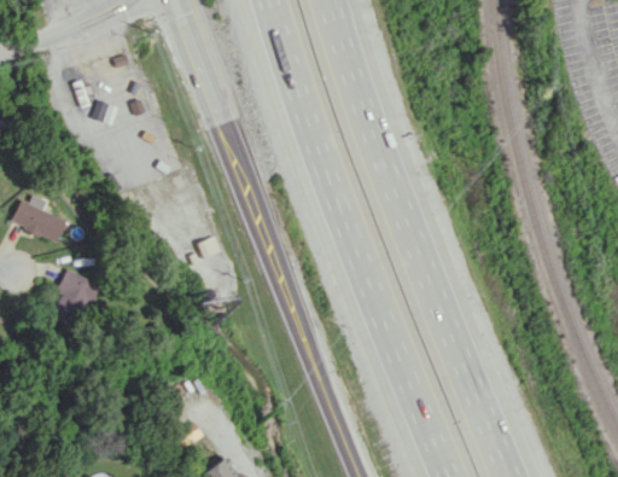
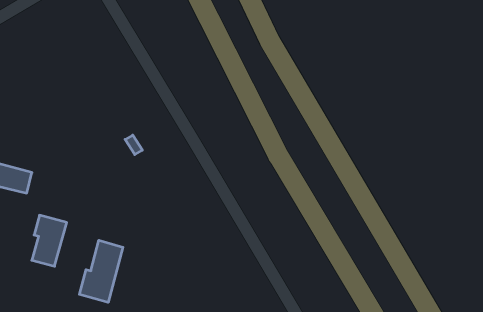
building: none -> [79,240,123,302]

